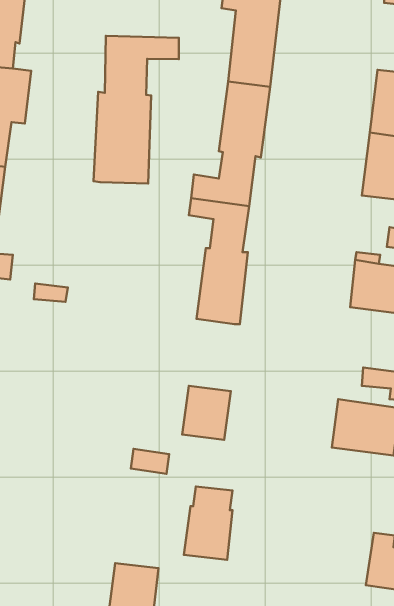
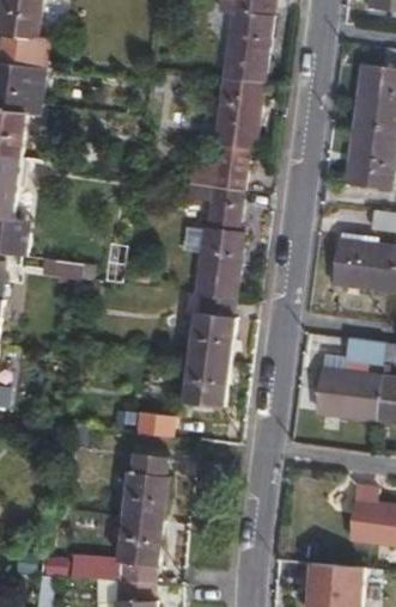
building: [94,36,179,184] -> none
building: none -> [182,293,233,360]
building: [184,486,233,560] -> [122,454,166,521]

